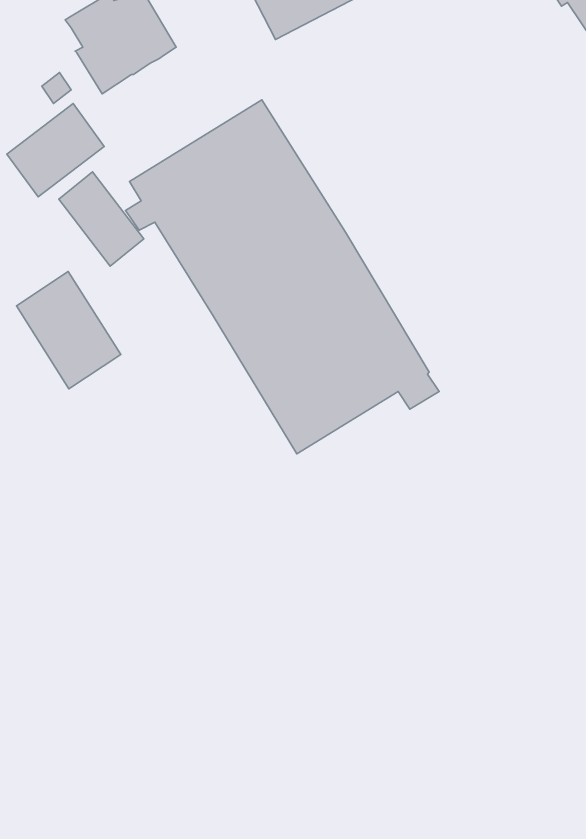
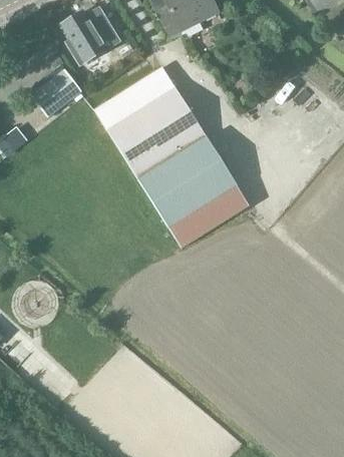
building: [59,172,144,266] -> none
building: [16,271,121,389] -> none

